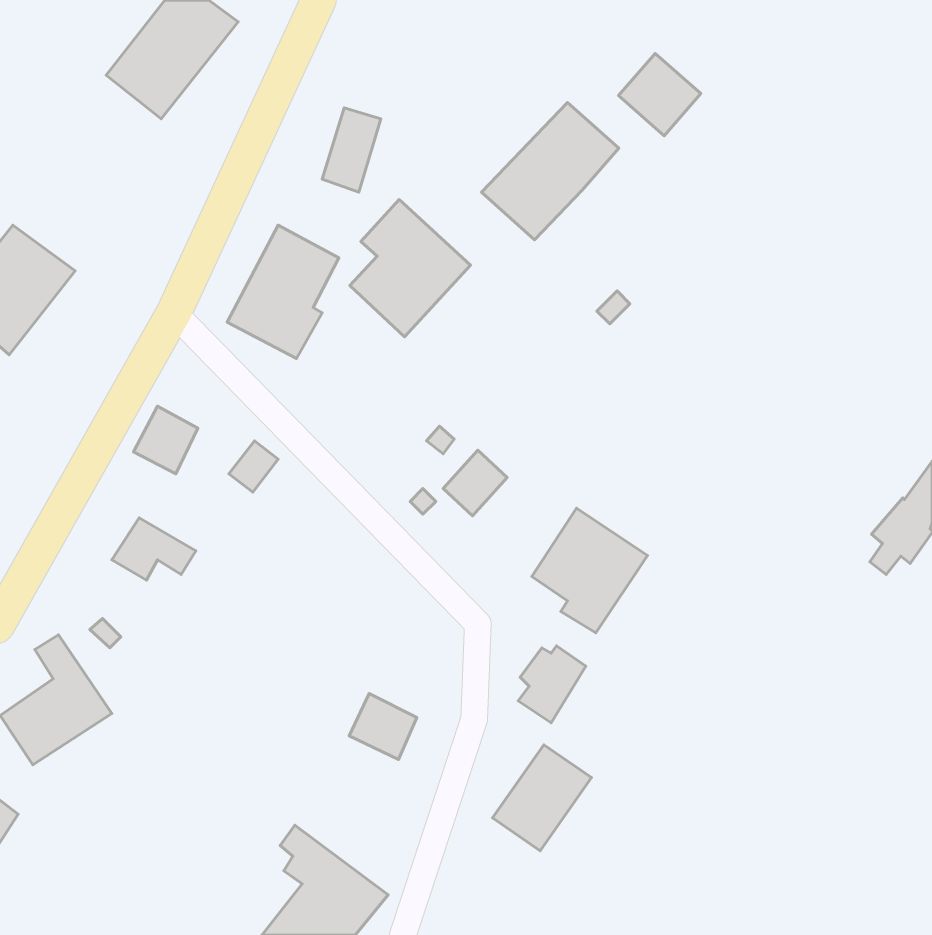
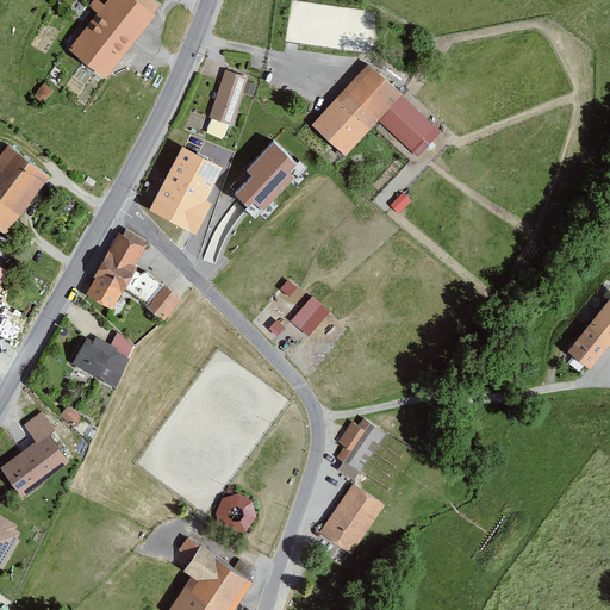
building: [619,53,701,136] -> [379,97,432,150]
building: none -> [102,232,145,279]
building: [532,508,648,633] -> none
building: [349,694,417,760] -> [211,487,255,530]

